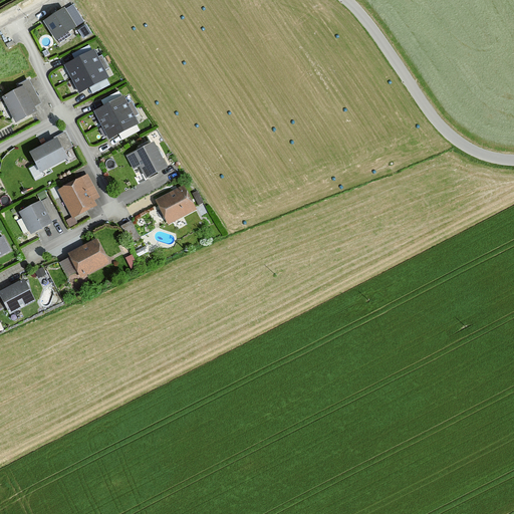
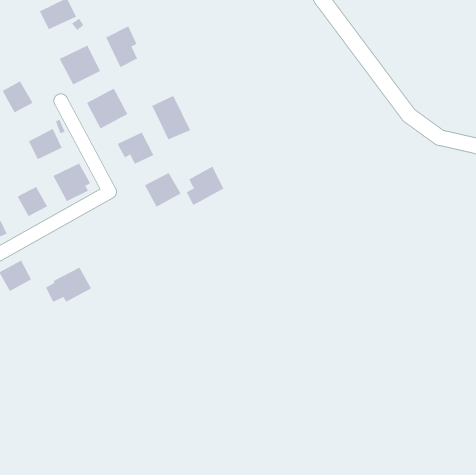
building: none -> [106,26,138,68]
building: none -> [151,95,191,140]
building: none -> [186,166,224,206]
building: [58,239,108,277] -> [45,267,92,302]

